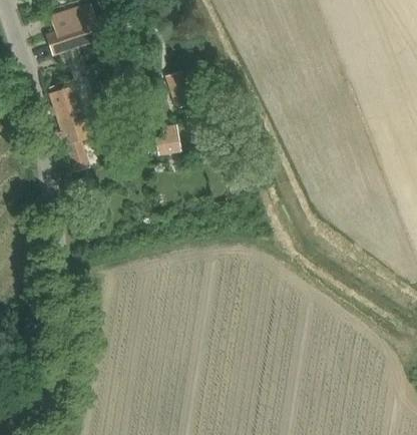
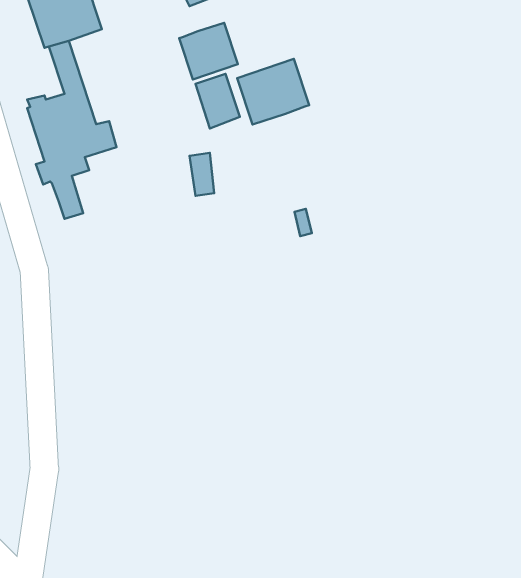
building: none -> [179,23,238,80]
building: none -> [237,59,309,125]

